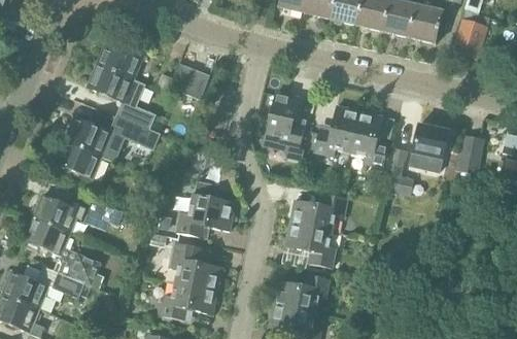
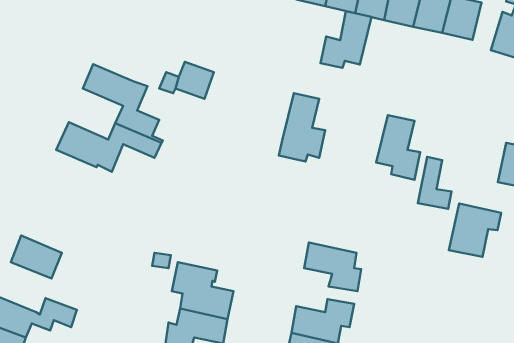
building: [98,40,146,84] -> none
building: [314,105,359,156] -> [320,11,371,68]
building: [411,124,457,171] -> [449,204,501,257]
building: [56,141,101,178] -> none
building: [177,180,235,237] -> none
building: [289,193,347,233] -> none
building: [32,195,124,233] -> none
building: [56,257,97,285] -> none

